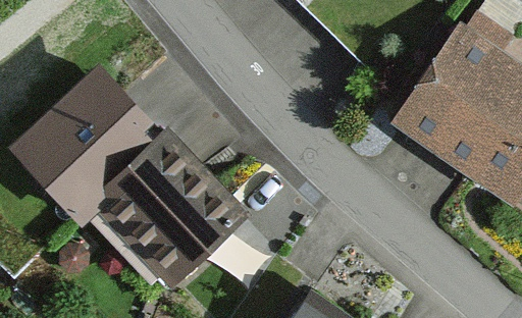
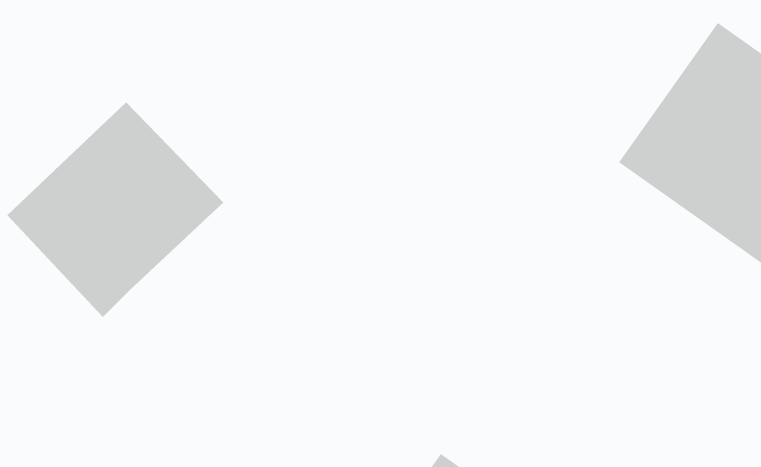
building: [99,137,242,278] -> none

